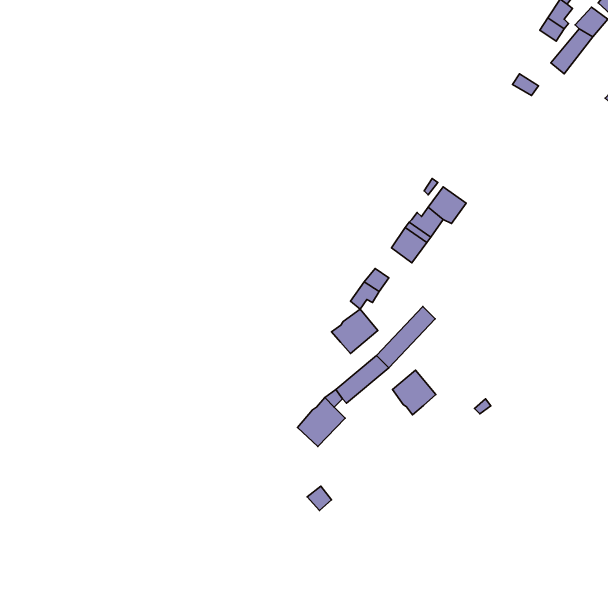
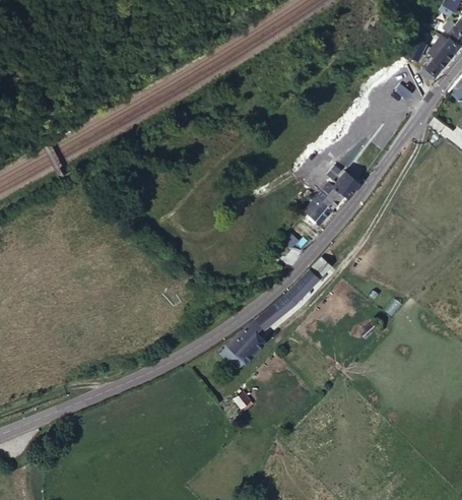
building: [332,309,378,354] -> none
building: [392,370,436,415] -> none

